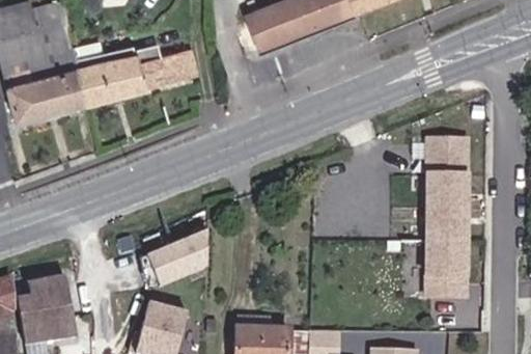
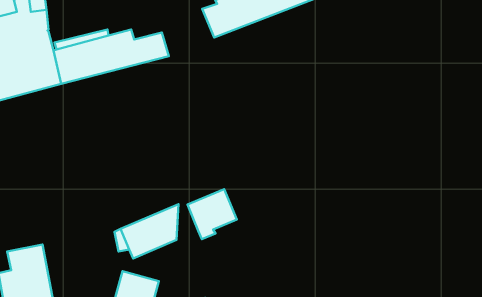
building: [426,139,468,296] -> none
building: none -> [188,189,237,239]

